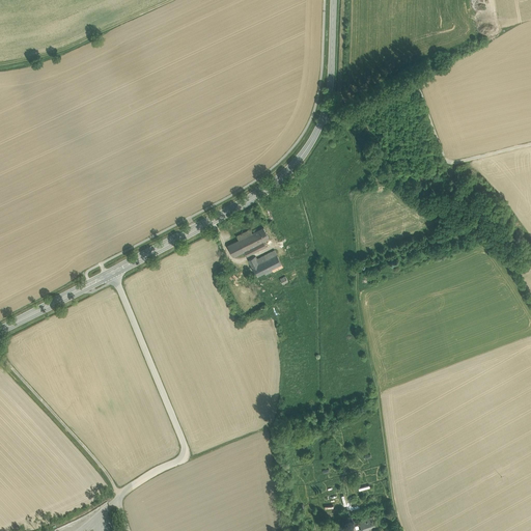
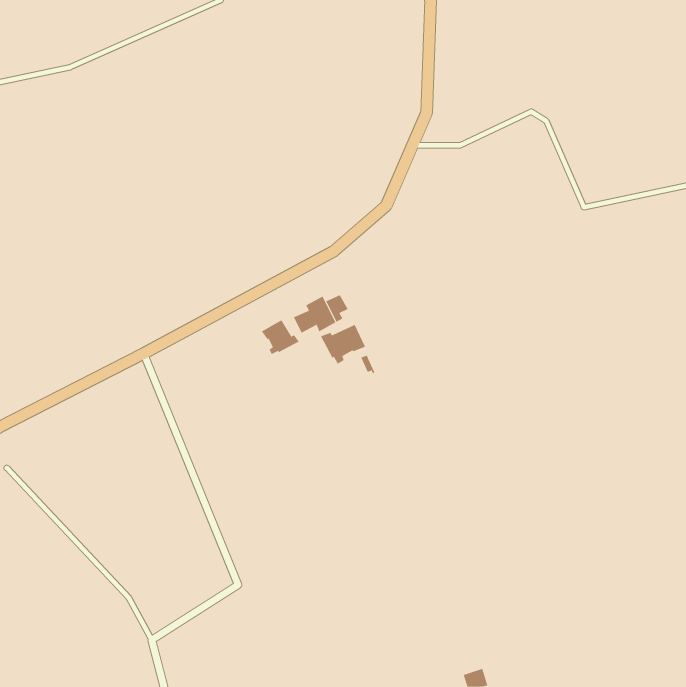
building: none -> [261,319,299,355]

